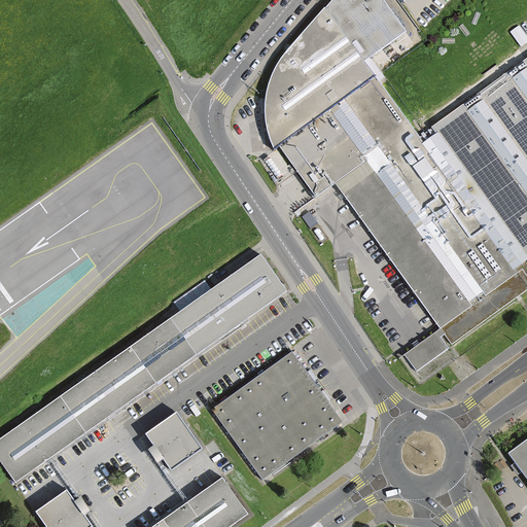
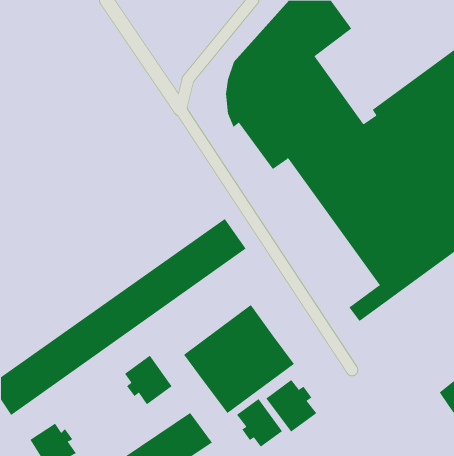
building: none -> [265,379,317,433]
building: none -> [236,398,283,448]

